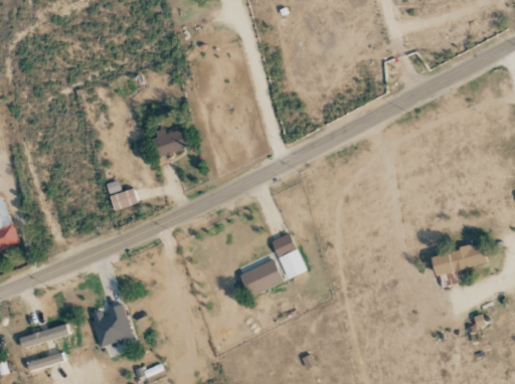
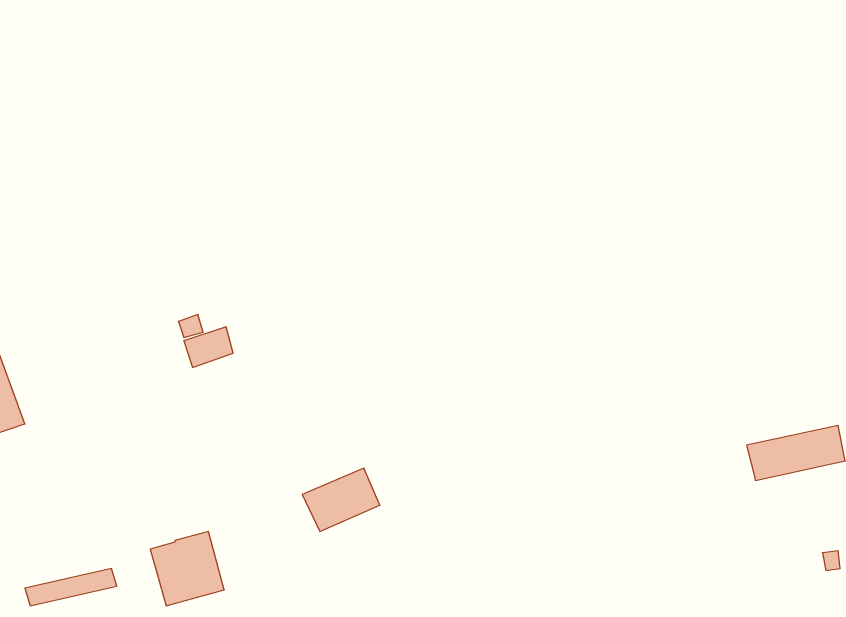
building: [153,130,185,156] -> none
building: [271,233,306,279] -> none
building: [238,260,283,297] -> [302,468,380,532]

